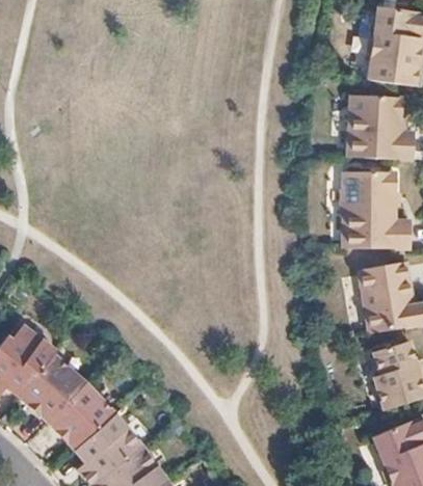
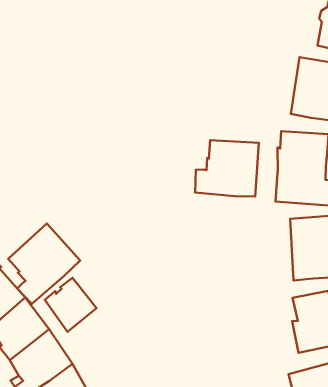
building: none -> [195,140,259,197]
building: none -> [8,224,80,304]
building: none -> [45,278,97,332]

